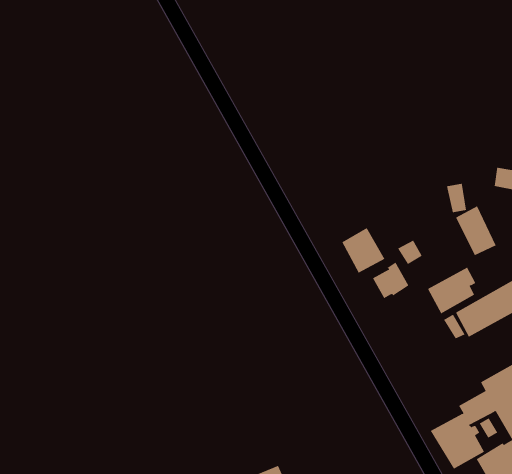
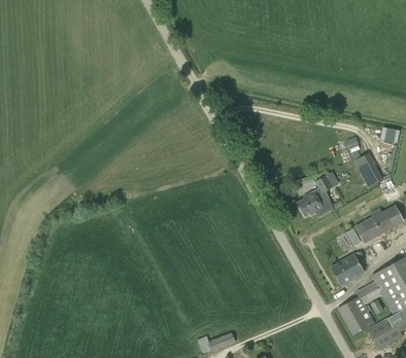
building: [341,227,385,273] -> none
building: [427,267,476,314] -> [331,252,365,285]

